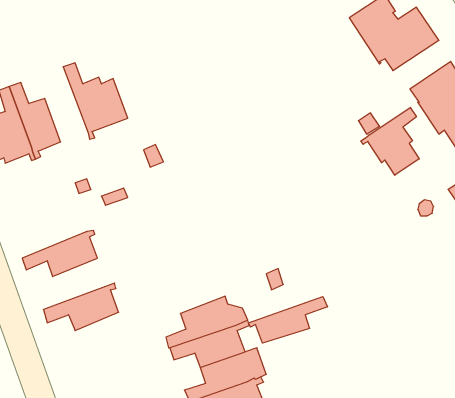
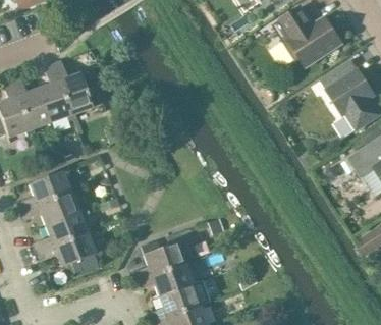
building: none -> [37,63,71,121]
building: [361,107,419,175] -> none
building: none -> [15,169,74,211]
building: none -> [32,211,91,251]
building: [248,297,327,343] -> none

